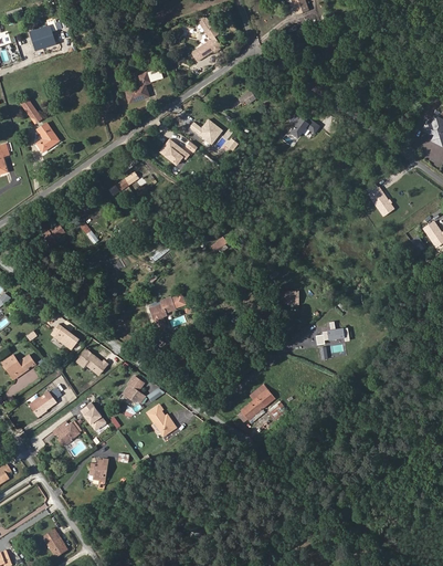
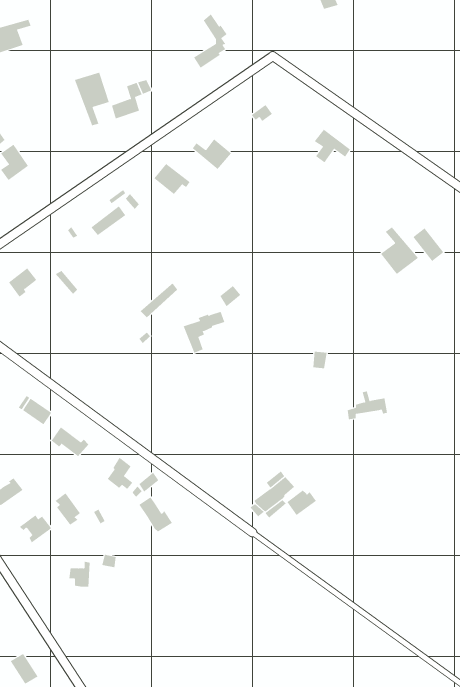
building: none -> [74,72,110,126]
building: none -> [380,227,419,275]
building: [149,295,183,329] -> [183,311,225,354]

